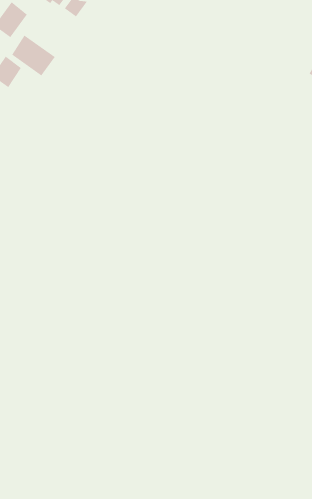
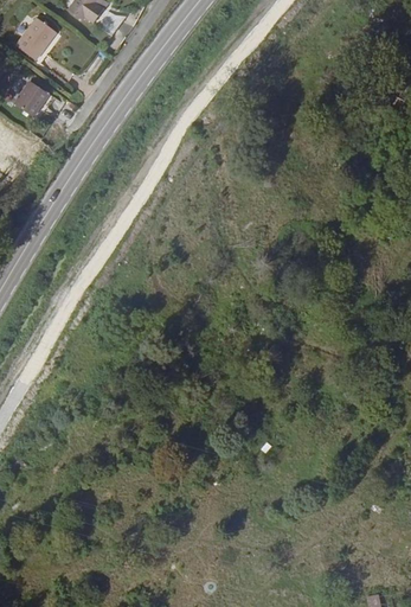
building: [11,35,56,76] -> none

